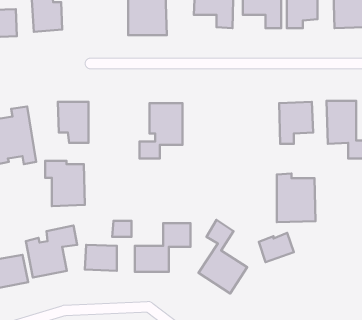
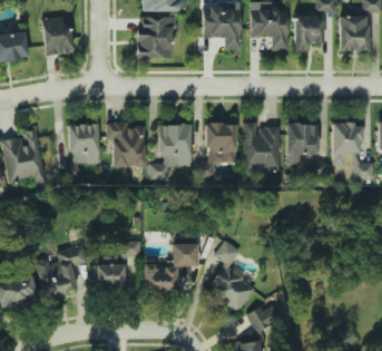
building: none -> [195,123,236,176]
building: [45,161,85,206] -> [106,123,145,167]
building: [277,174,315,222] -> [243,121,281,169]
building: [259,233,294,262] -> [247,304,282,333]

